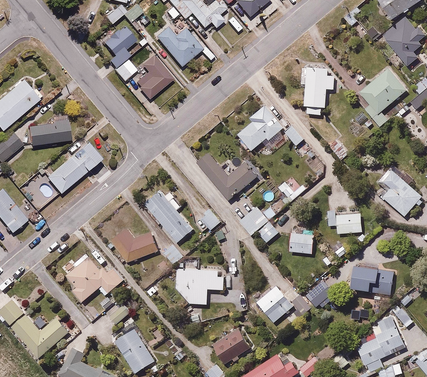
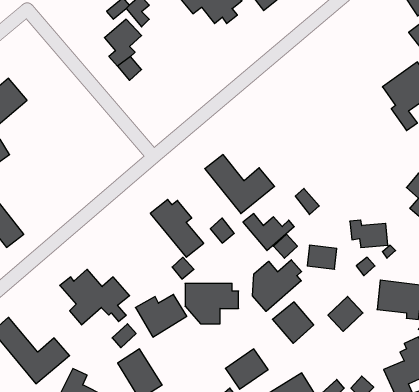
building: [154,27,203,67] -> none
building: [134,54,172,99] -> none
building: [300,67,333,116] -> none
building: [237,105,305,152] -> none
building: [18,122,61,149] -> none
building: [44,136,102,194] -> none
building: [112,227,159,266] -> [135,294,187,337]
building: none -> [253,260,302,311]

